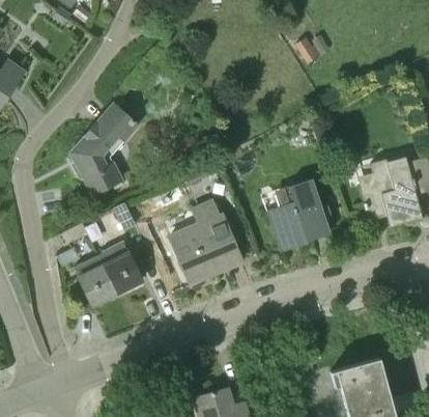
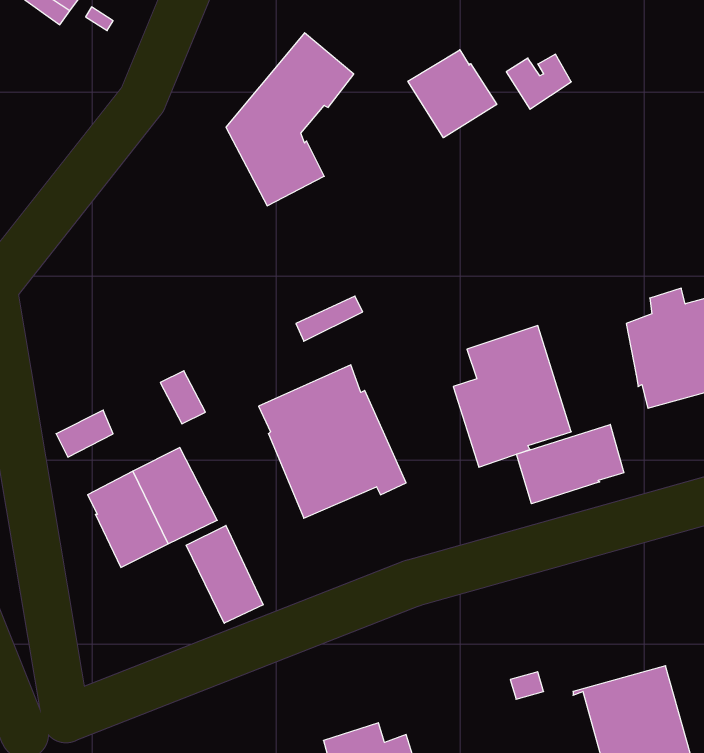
building: none -> [408,50,497,138]
building: [72,104,139,195] -> [226,33,354,206]
building: none -> [517,424,624,504]
building: none -> [186,525,263,623]

